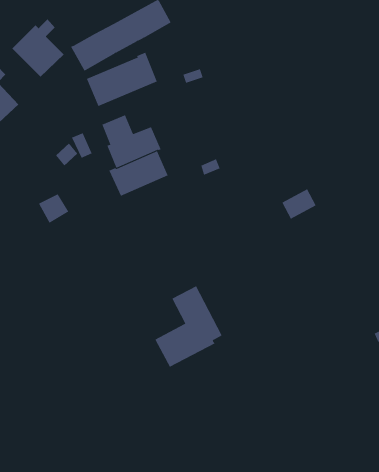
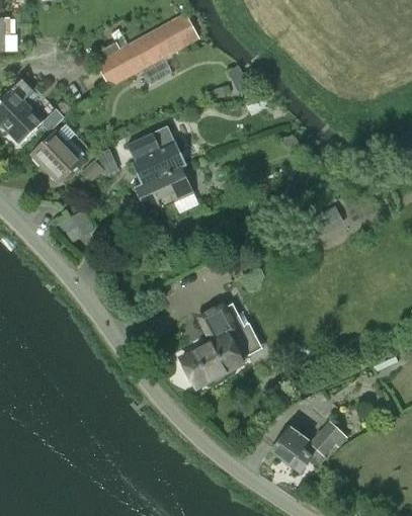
building: [12,19,65,78] -> [30,122,84,182]
building: [86,52,157,107] -> none
building: none -> [271,420,347,472]

